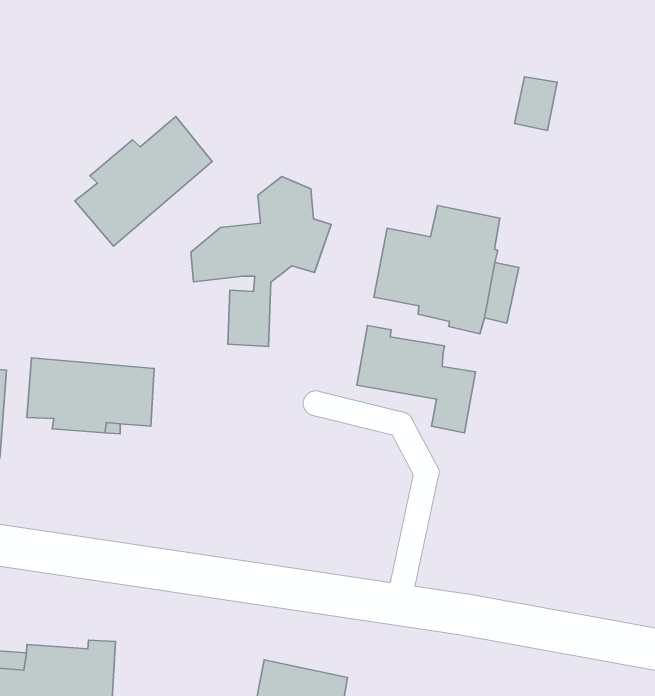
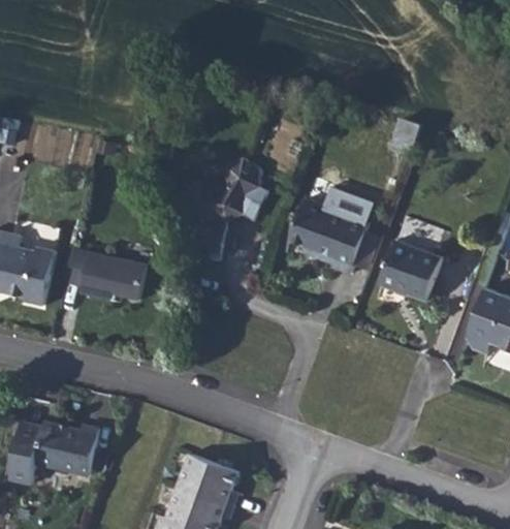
building: [75,117,212,246] -> none
building: none -> [380,240,443,301]
building: [357,325,475,433] -> none

